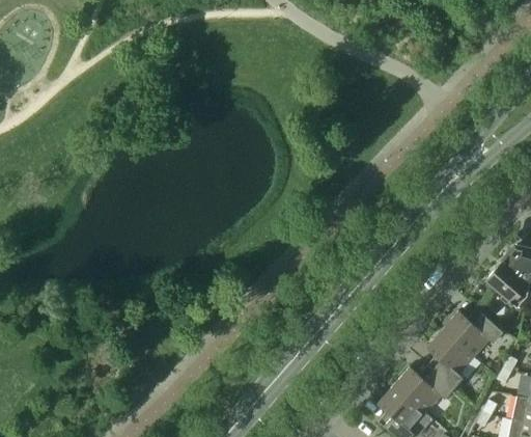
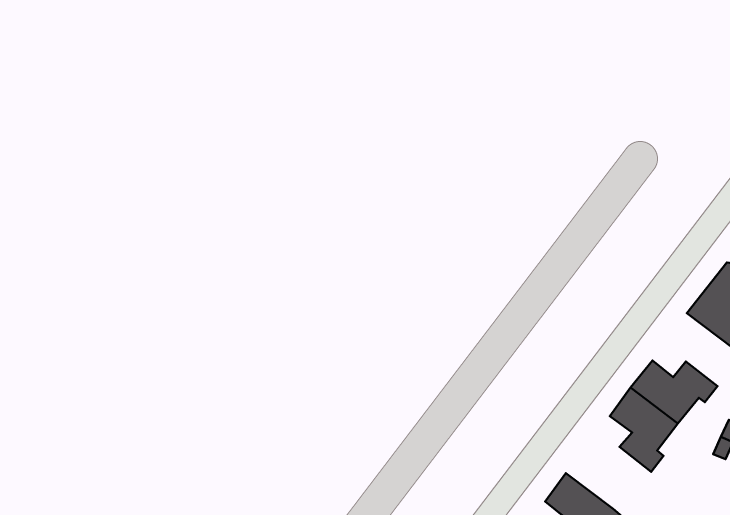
building: [394,366,453,412] -> none

